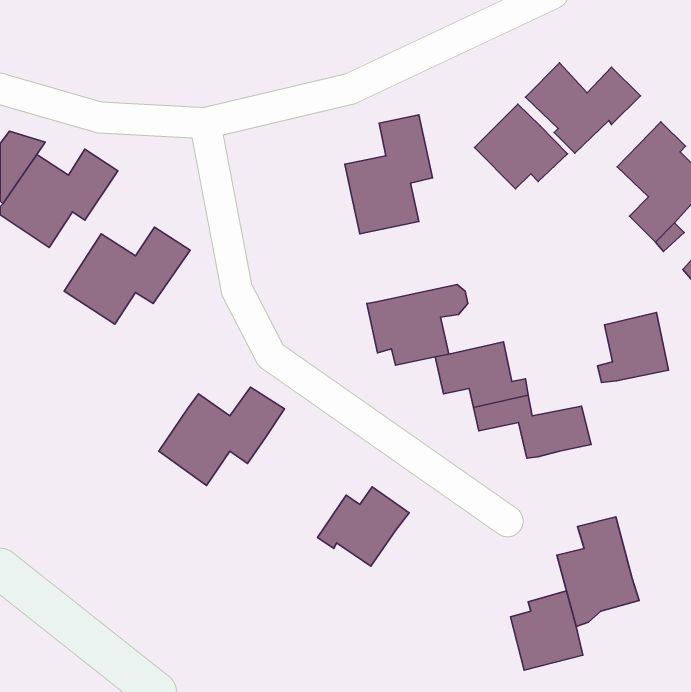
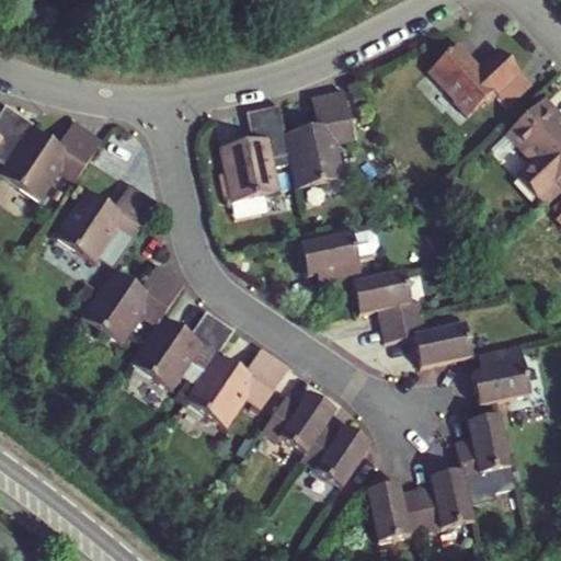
building: [474,104,568,189] -> none
building: none -> [216,106,288,203]
building: [598,313,669,382] -> [481,345,538,401]
building: none -> [79,268,185,344]
building: none -> [188,346,291,424]
building: none -> [300,425,369,486]
building: none -> [374,492,426,547]

